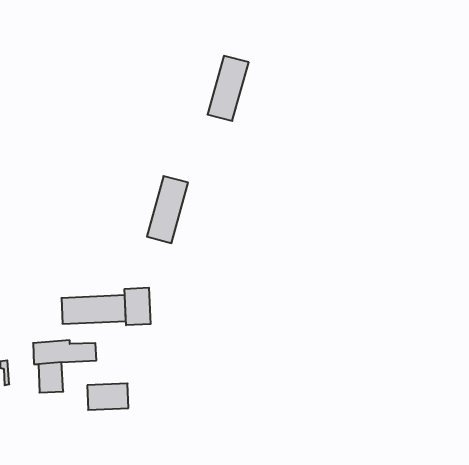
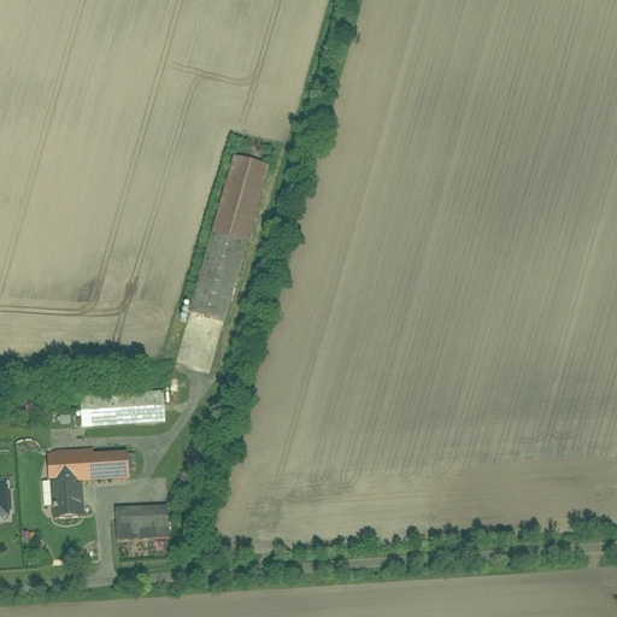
building: [207,56,249,121] -> [215,154,269,240]
building: [125,288,151,325] -> none

